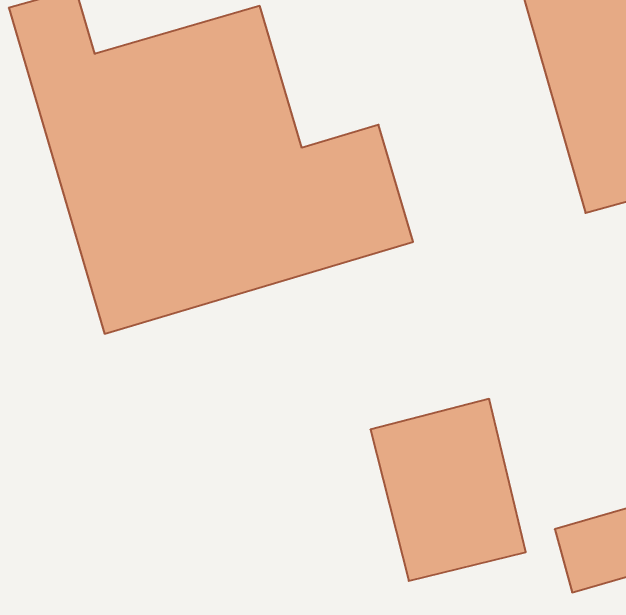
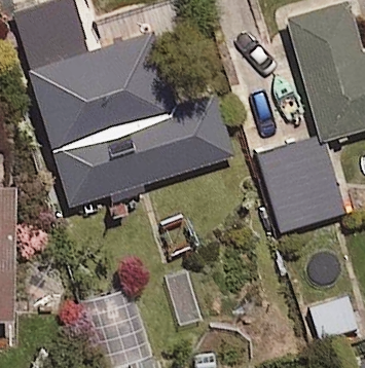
building: [370,399,526,581] -> [259,137,342,234]

